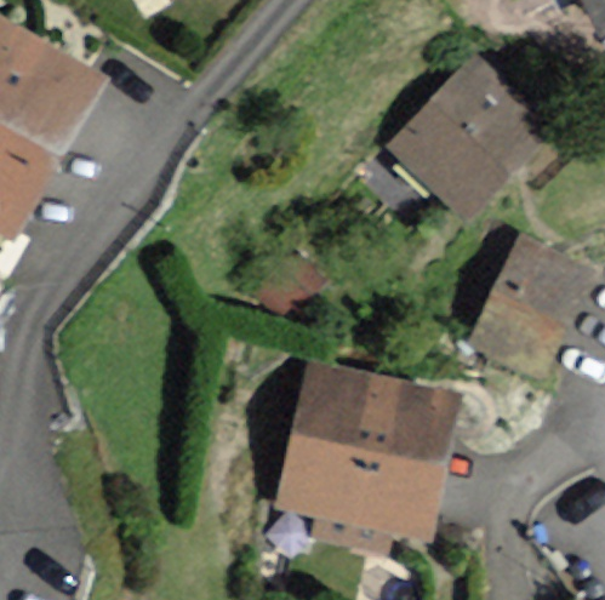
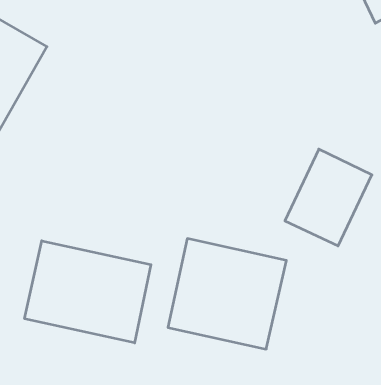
building: [382,50,557,223] -> none
building: none -> [25,241,151,343]

